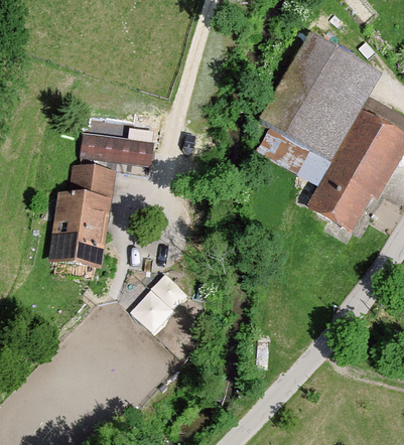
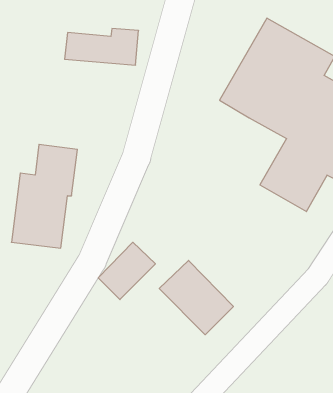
building: [81,126,156,163] -> [65,29,139,65]
building: none -> [159,260,233,335]

